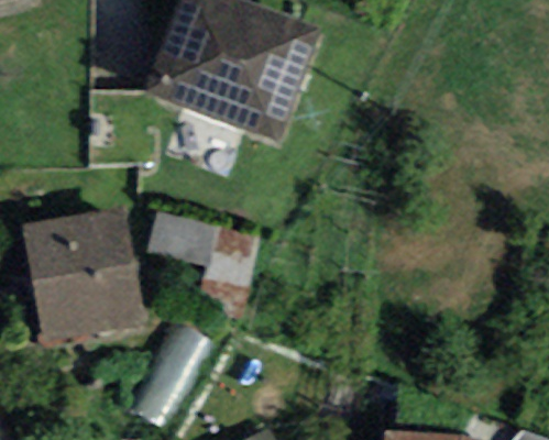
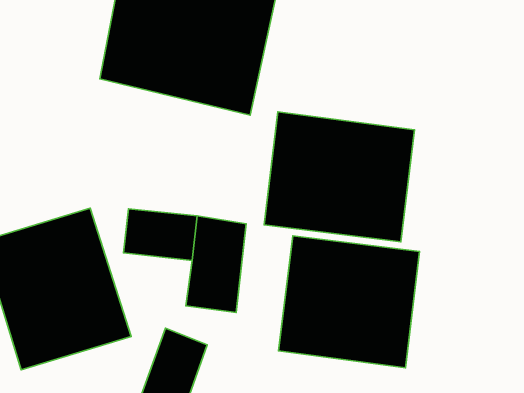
building: none -> [264,112,414,242]
building: none -> [279,236,419,368]

